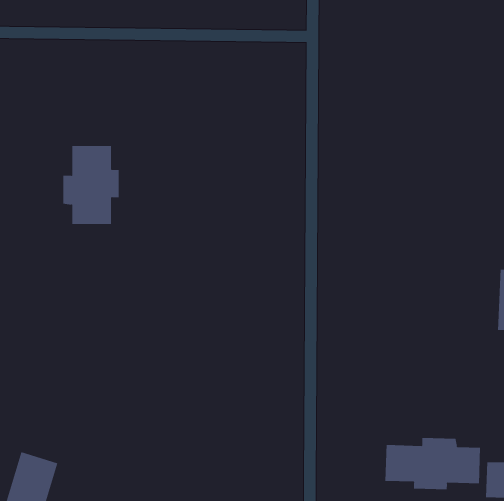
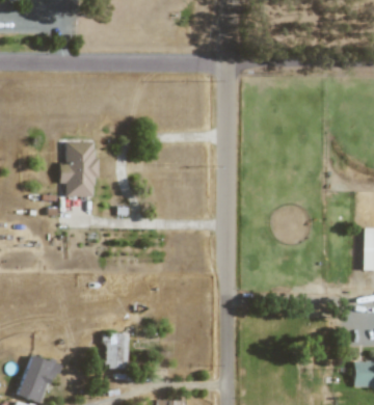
building: none -> [104,333,129,369]
building: [385,437,481,490] -> none

